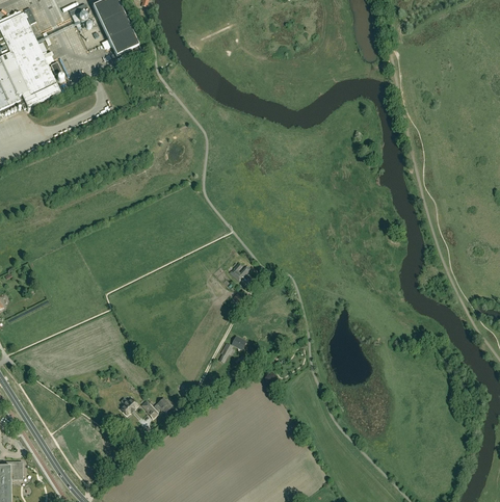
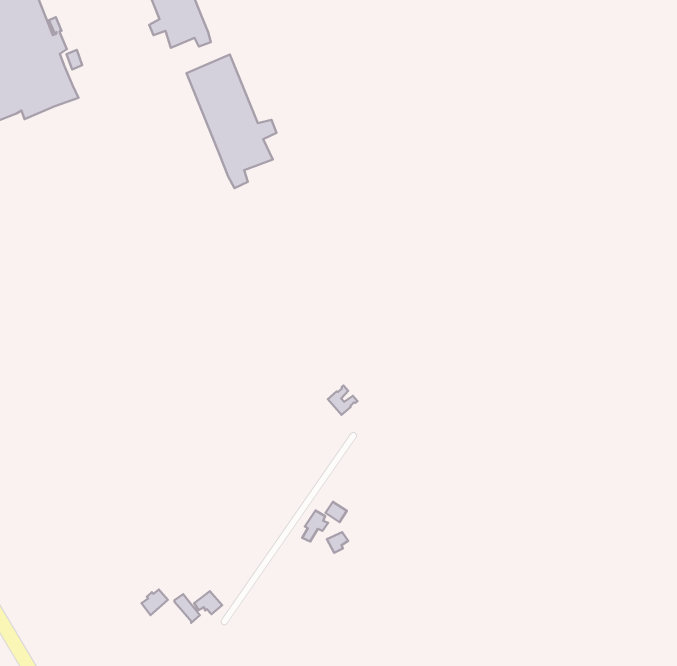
building: none -> [186,55,277,188]

